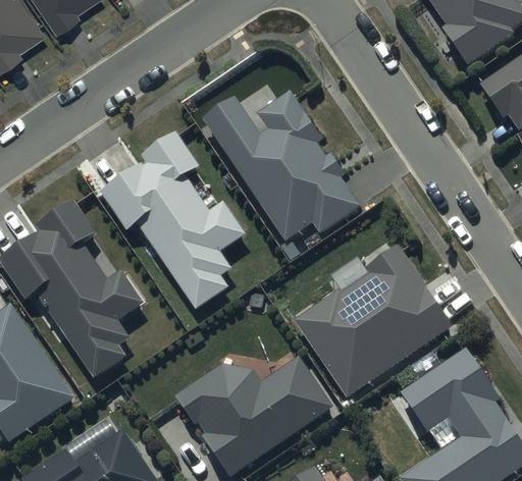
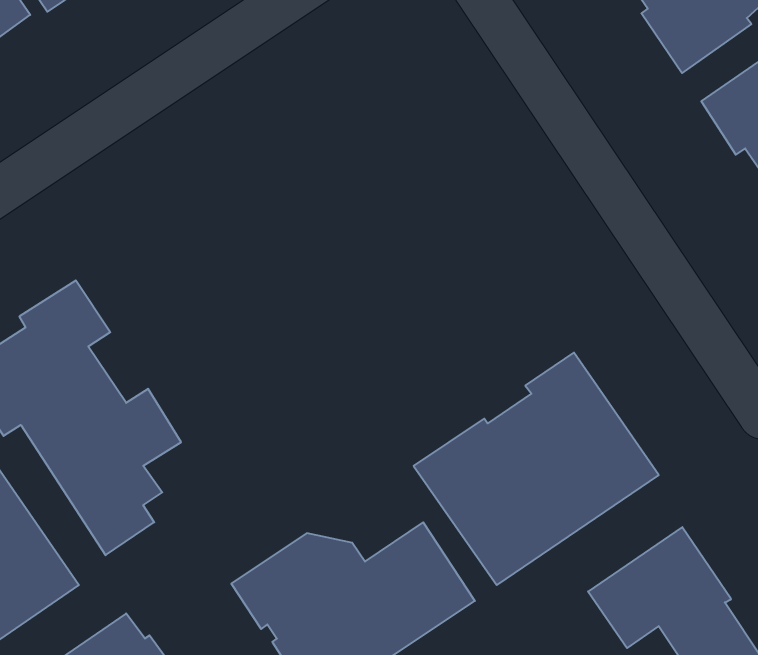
building: [201,90,360,243] -> none
building: [99,129,246,309] -> none

